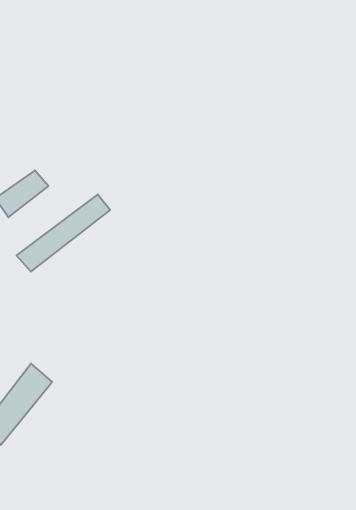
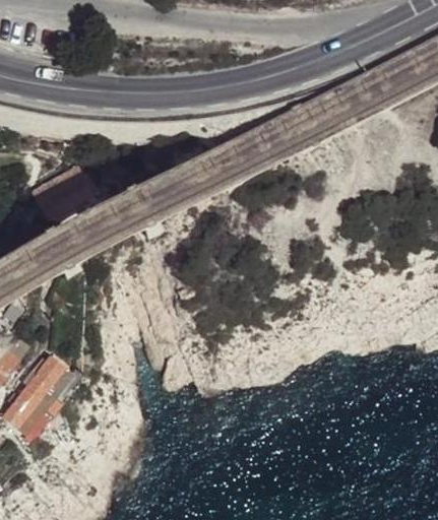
building: [17,194,110,272] -> none

